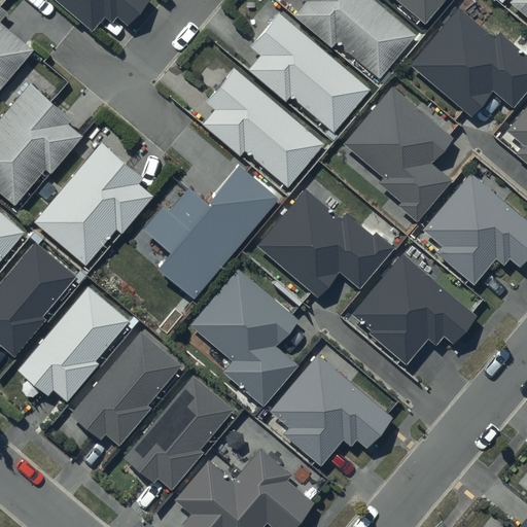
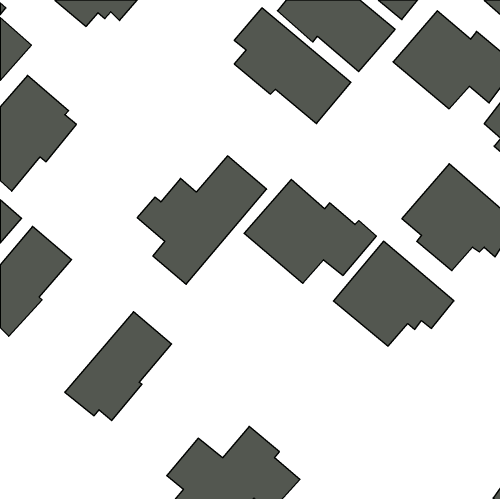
building: [200,68,323,185] -> none
building: [344,87,454,224] -> none
building: [33,141,152,264] -> none
building: [190,271,300,408] -> none
building: [16,284,129,400] -> none
building: [269,355,394,469] -> none
building: [121,374,233,488] -> none

